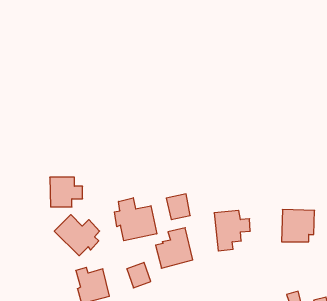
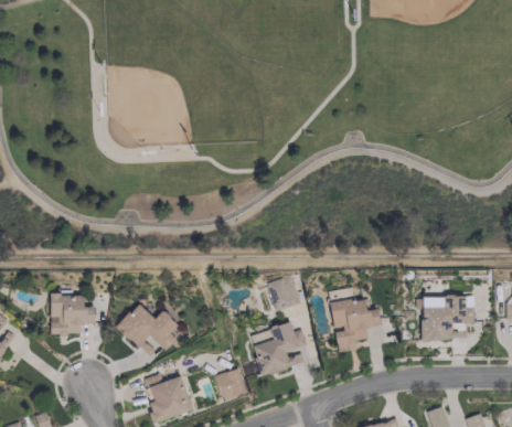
building: [50,177,83,207] -> [51,293,95,333]
building: [114,198,157,241] -> none

